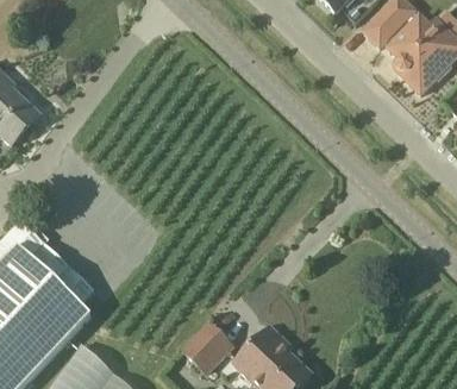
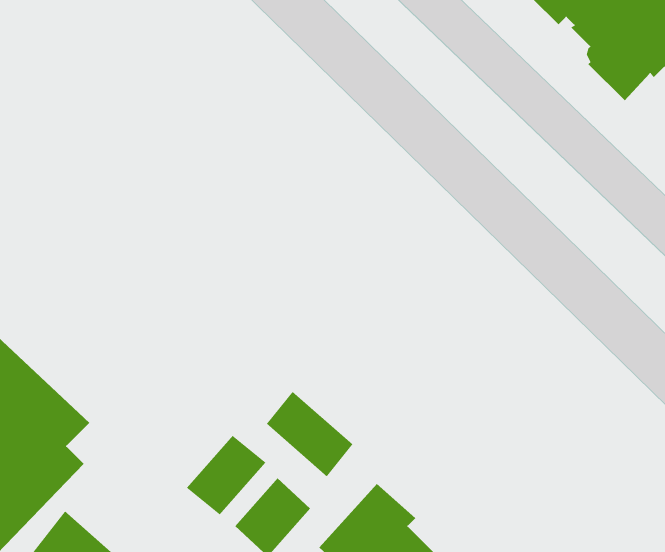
building: none -> [266,391,353,477]
building: none -> [186,435,266,516]

